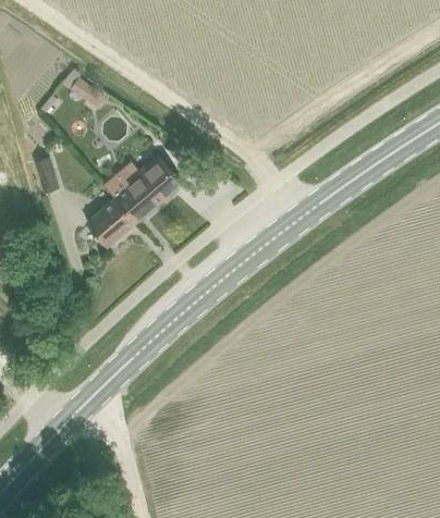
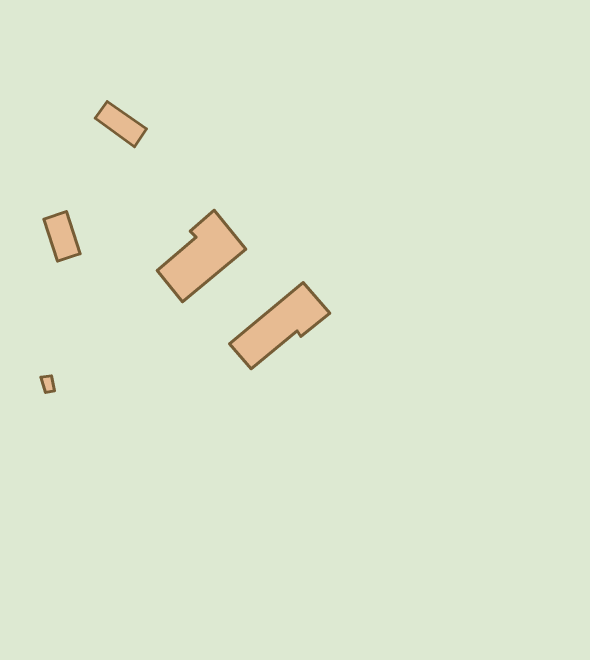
building: [86,199,134,246] -> none
building: none -> [230,283,330,369]

